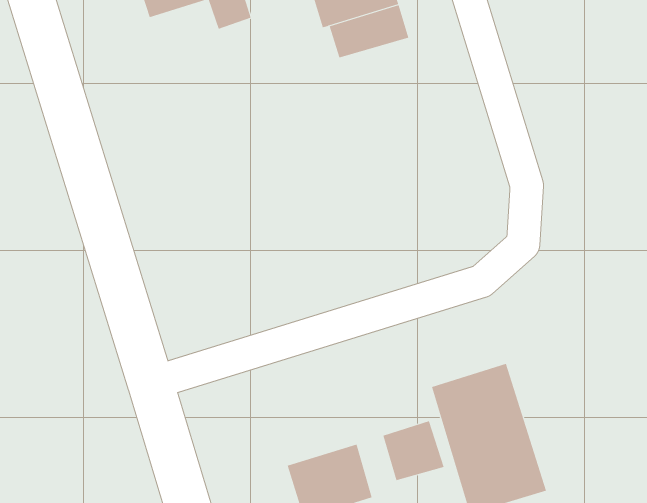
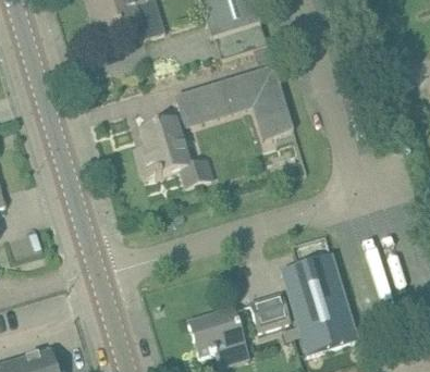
building: none -> [174,64,293,135]
building: none -> [136,117,210,184]

